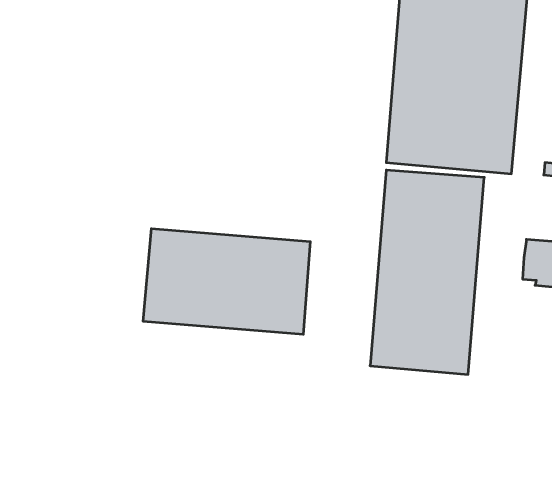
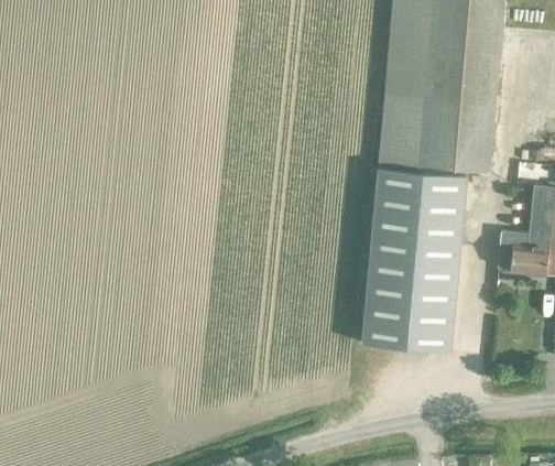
building: [143,229,310,334] -> none

